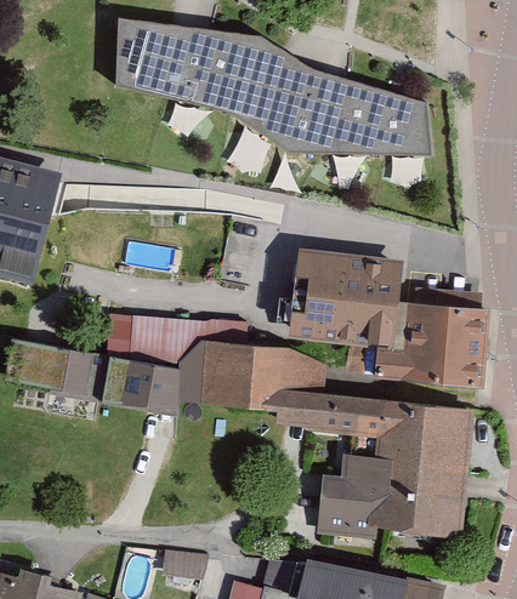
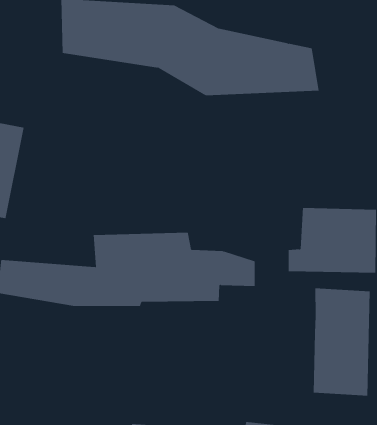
building: [286,249,400,350] -> none
building: [284,388,404,435] -> none
building: [316,455,399,540] -> none

